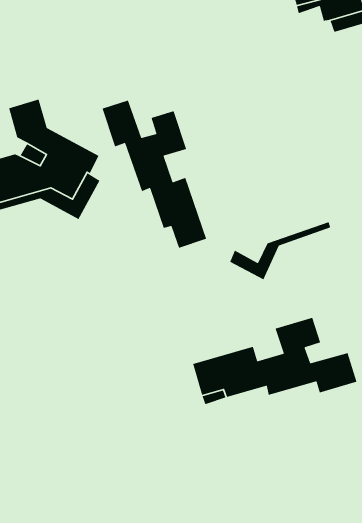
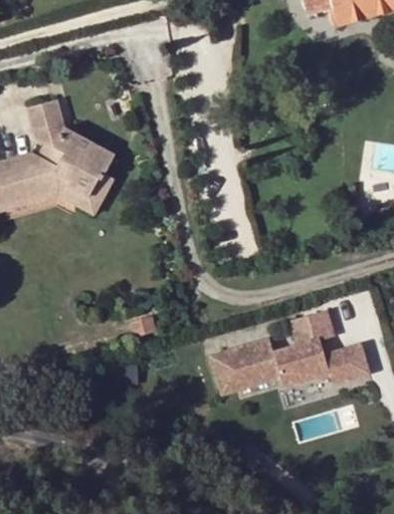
building: [101,99,207,249] -> none
building: [229,221,331,281] -> none

